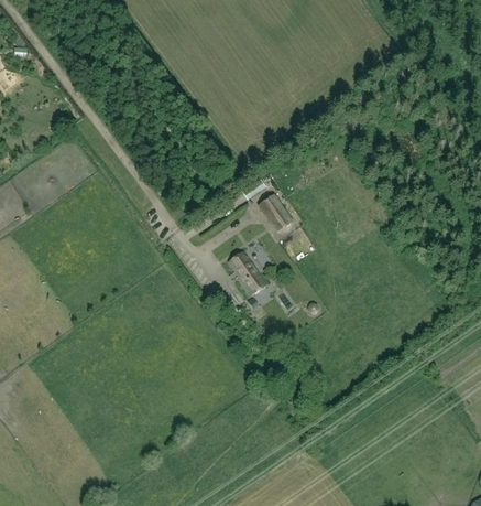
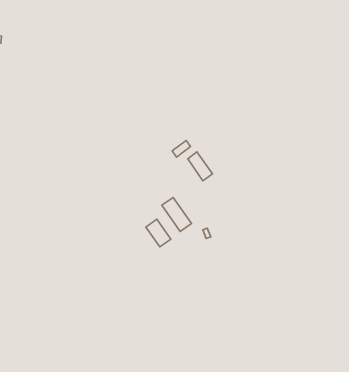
building: none -> [146,219,171,247]

